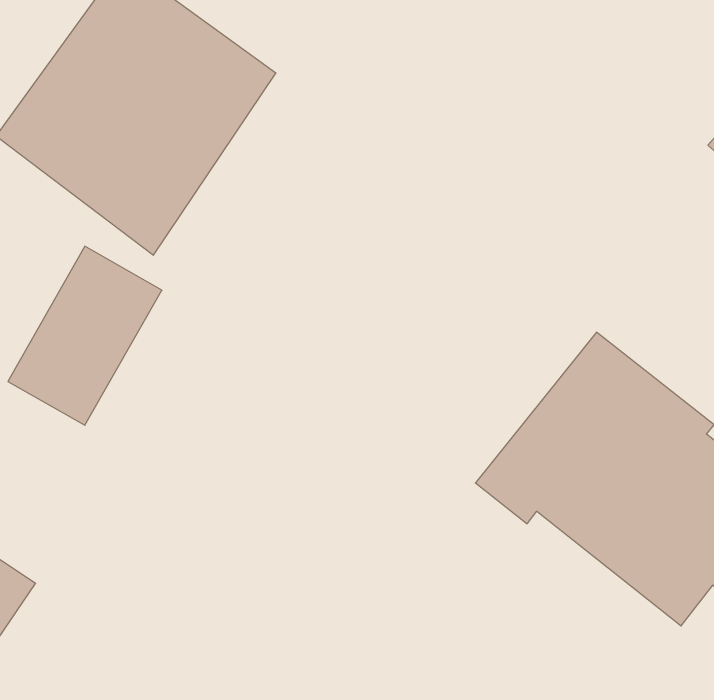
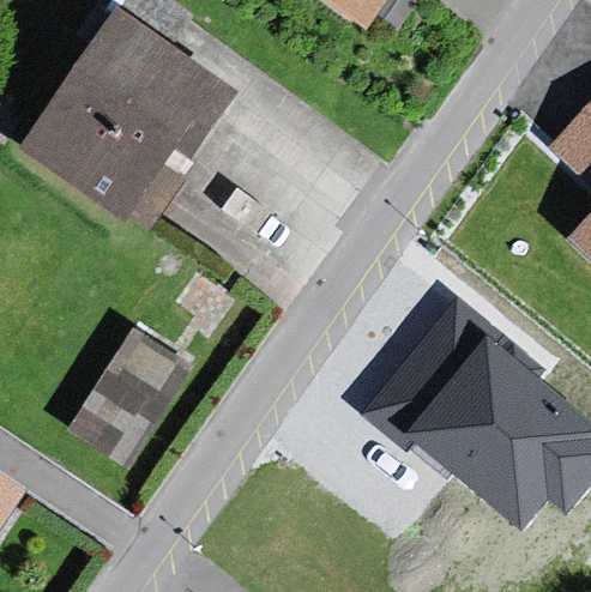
building: [8,246,162,425] -> [88,316,205,453]

